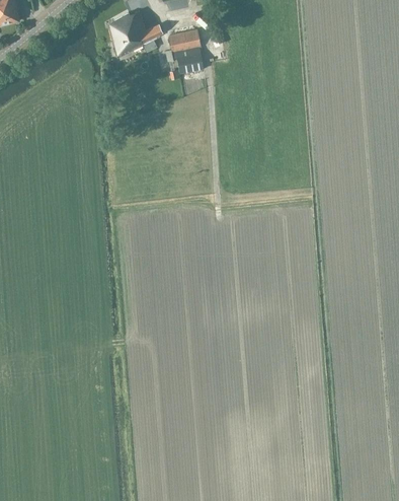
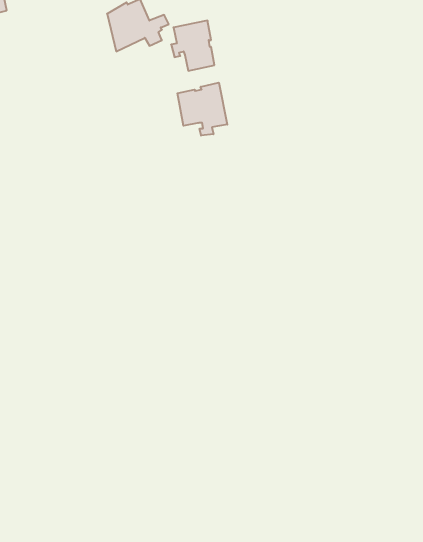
building: none -> [177,83,227,136]

